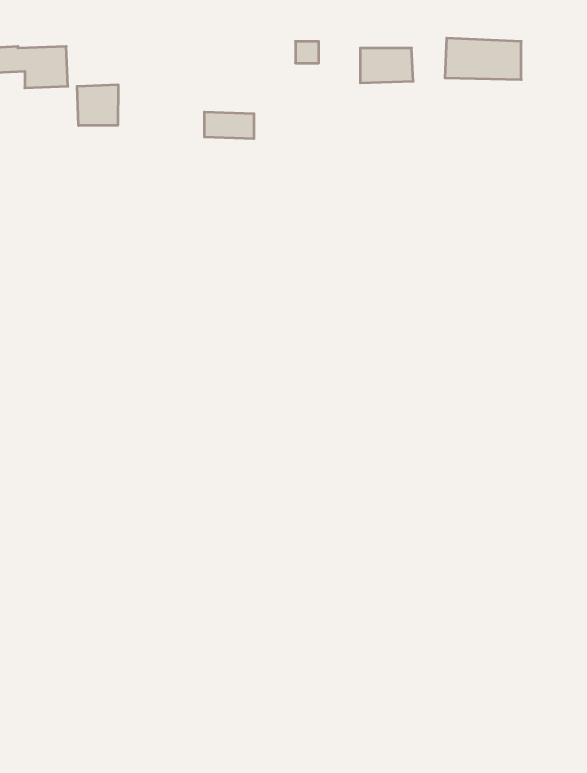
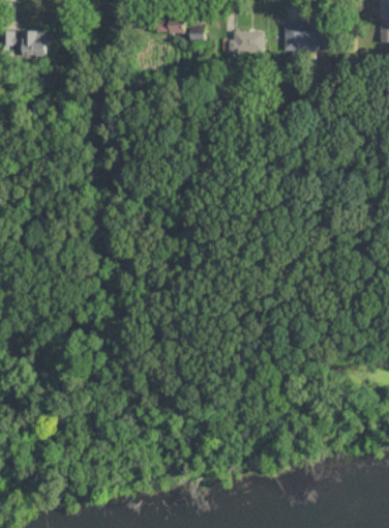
building: [77,85,118,126] -> none
building: [204,112,254,139] -> [153,18,184,34]

